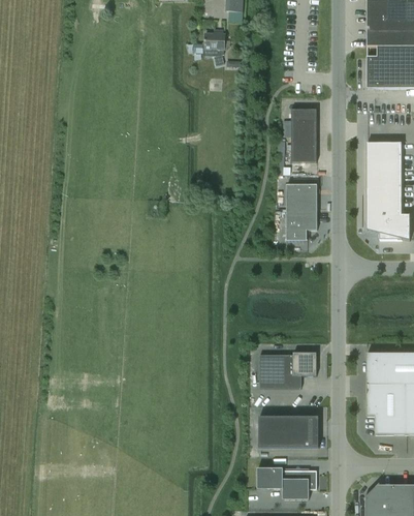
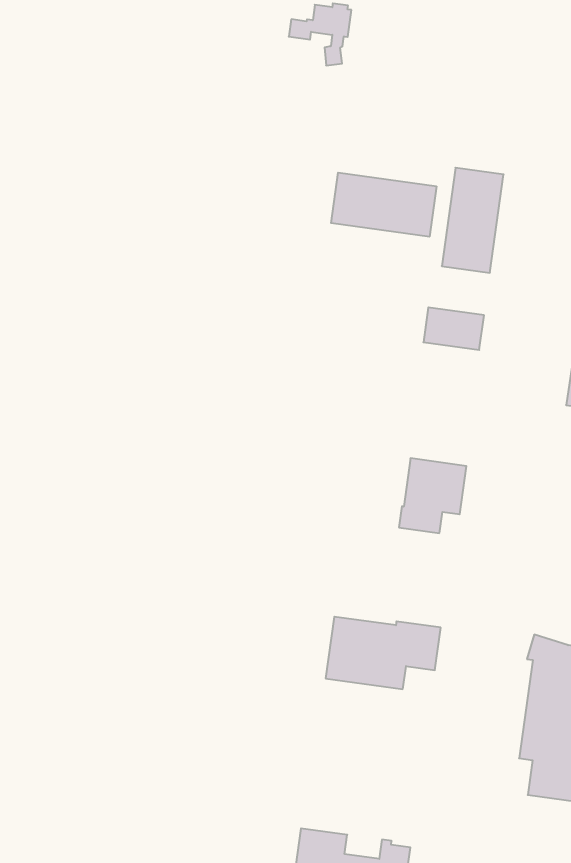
building: none -> [331,173,436,237]
building: [286,204,317,241] -> [399,458,466,533]
building: [259,417,319,448] -> none

